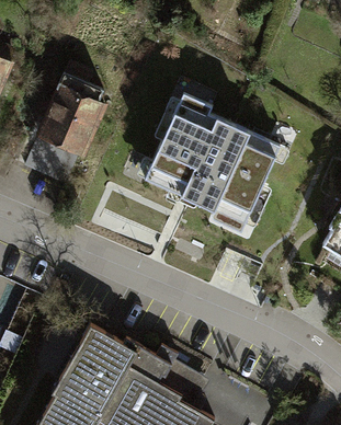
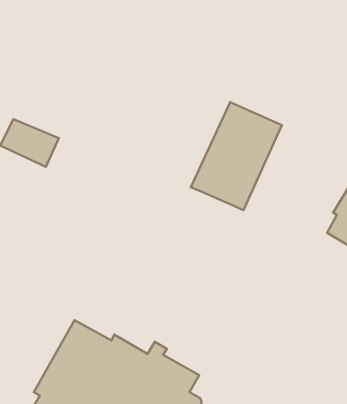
building: [37,69,103,153] -> none
building: [145,103,232,205] -> none

